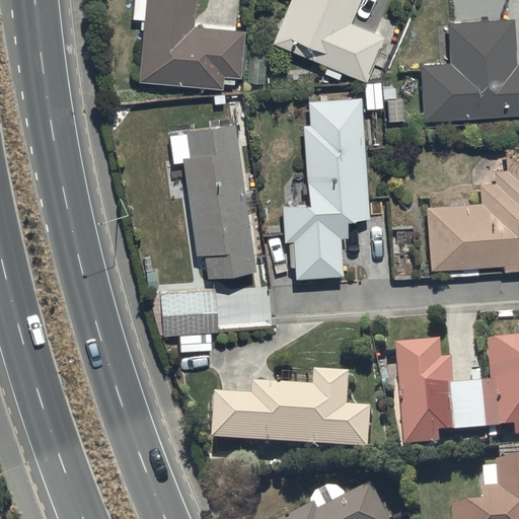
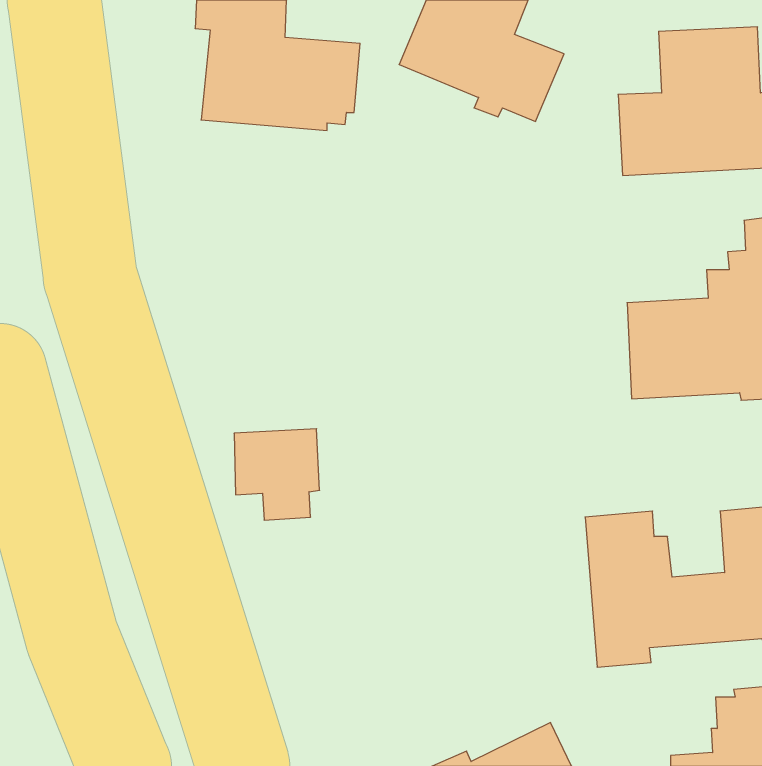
building: [282,97,370,278] -> none
building: [169,124,254,277] -> none
building: [214,375,374,454] -> none

